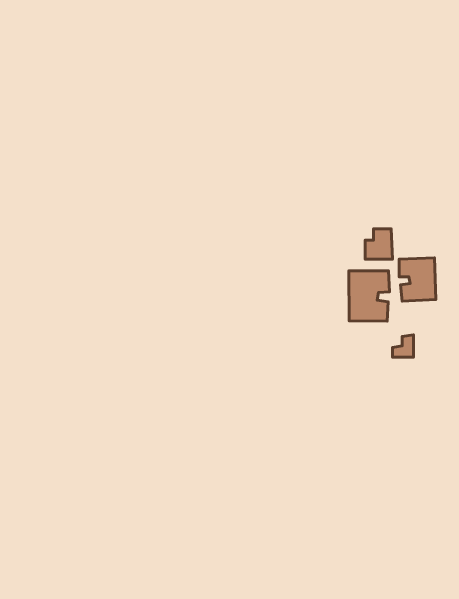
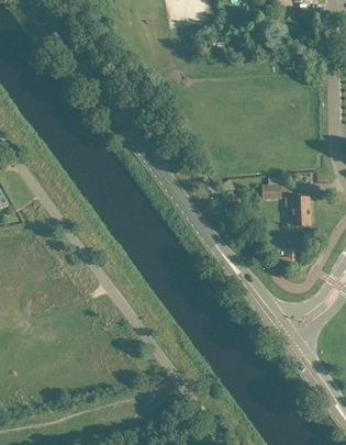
building: [349,271,389,321] -> none

